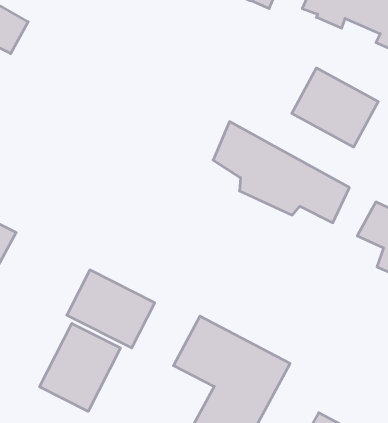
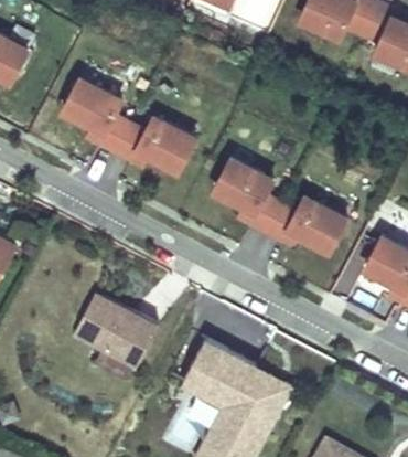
building: none -> [62,73,200,168]
building: [292,68,378,147] -> none
building: [40,323,120,411] -> none

